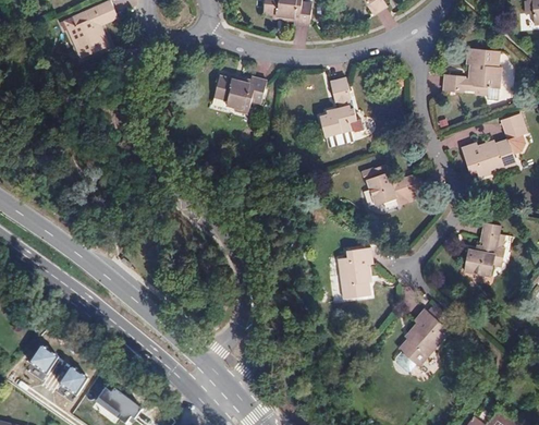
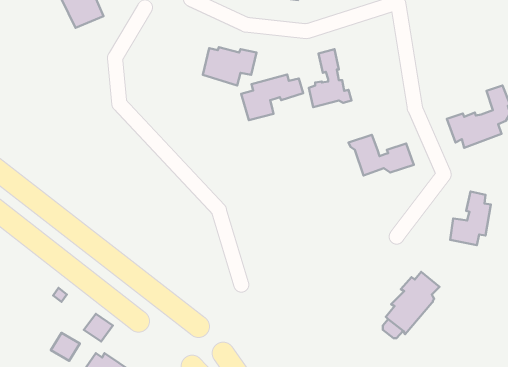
building: [443,48,501,99] -> none
building: none -> [241,75,303,120]
building: [339,247,372,300] -> none
building: [28,345,58,374] -> [84,314,113,342]

